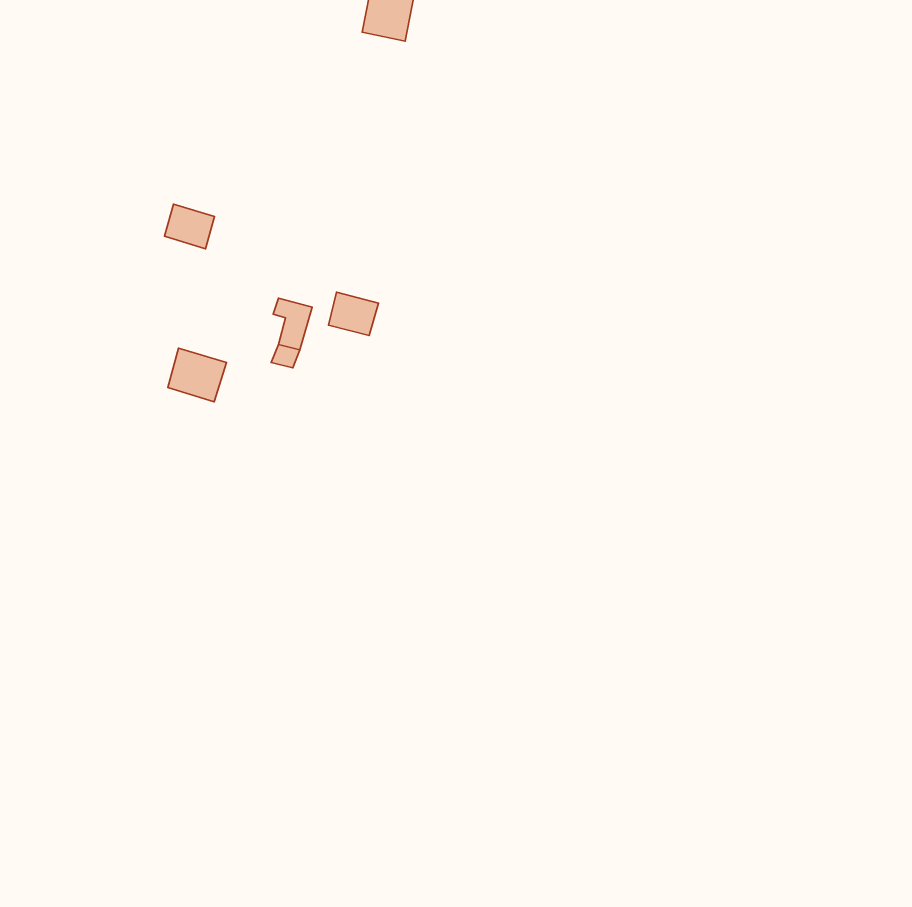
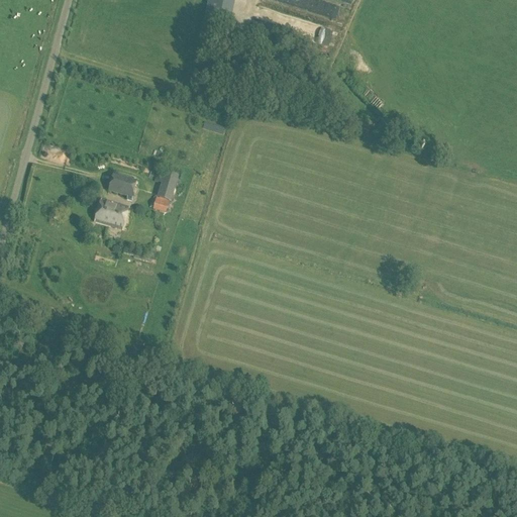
building: [164,204,214,249] -> [108,171,136,196]
building: [328,292,378,335] -> none

